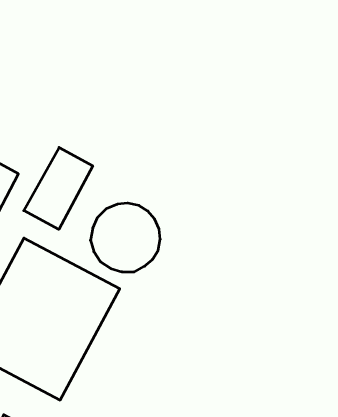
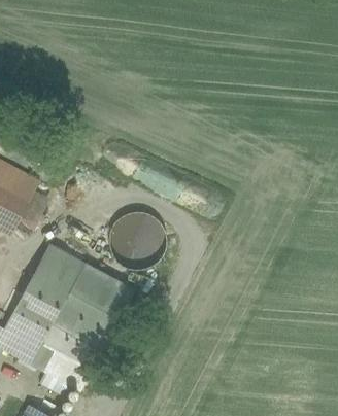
building: [24,147,93,229] -> none

